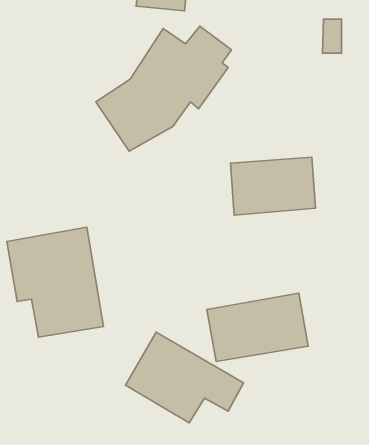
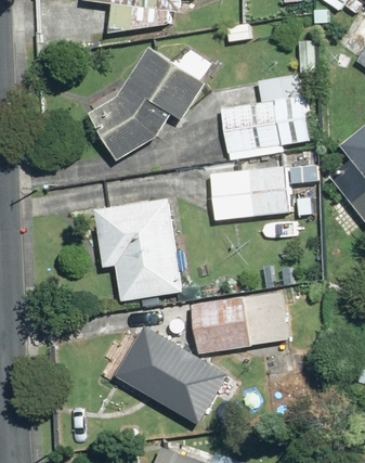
building: none -> [221,73,310,159]
building: [7,227,103,337] -> [95,200,184,300]

